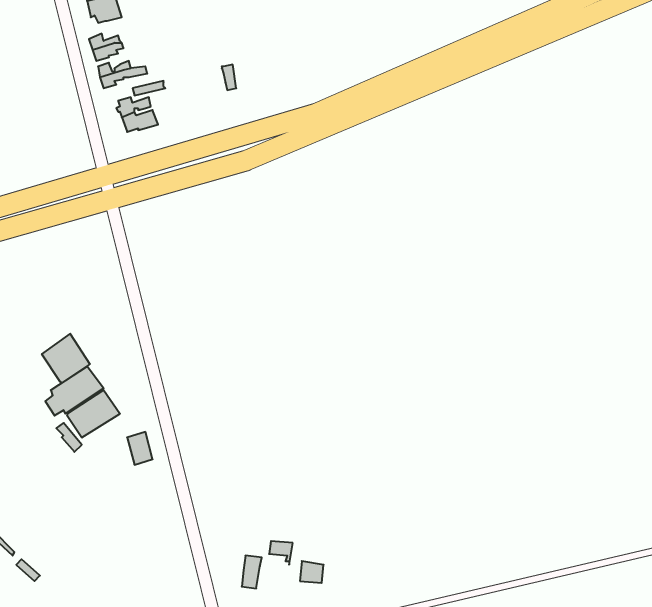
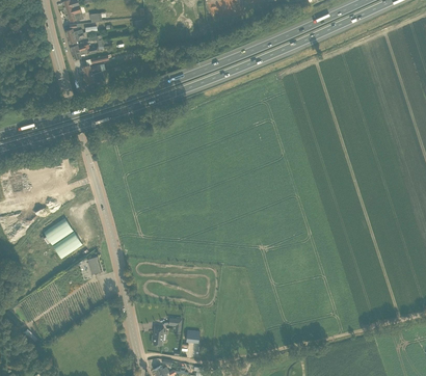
building: [42,334,90,383] -> none

